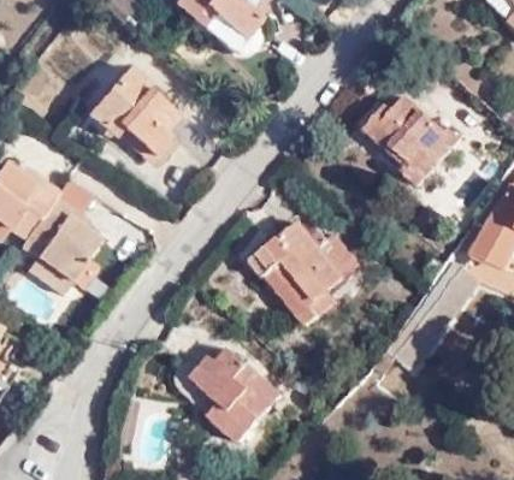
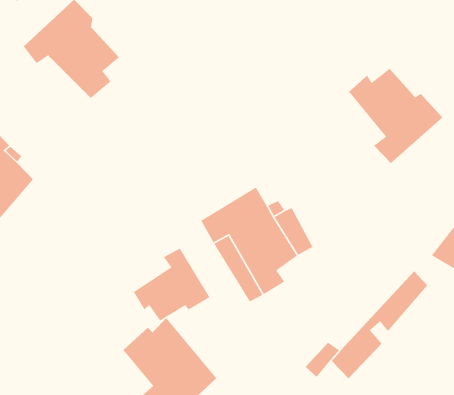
building: none -> [133,247,211,321]

